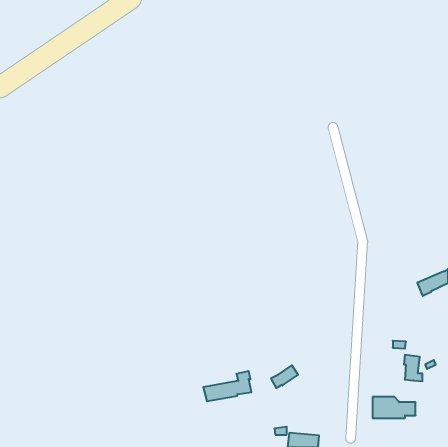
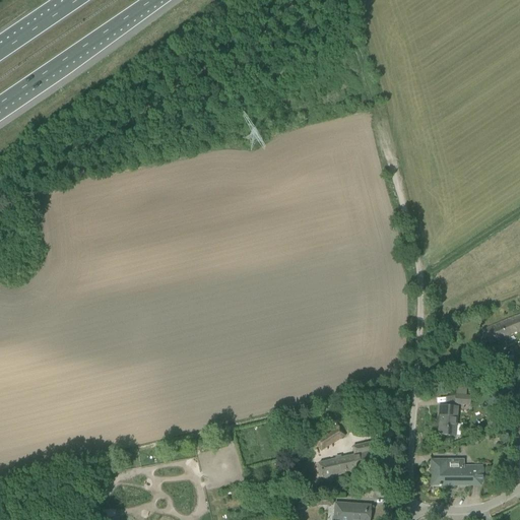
building: [404,355,422,381] -> [438,404,459,435]
building: [203,371,251,401] -> [319,441,375,475]

